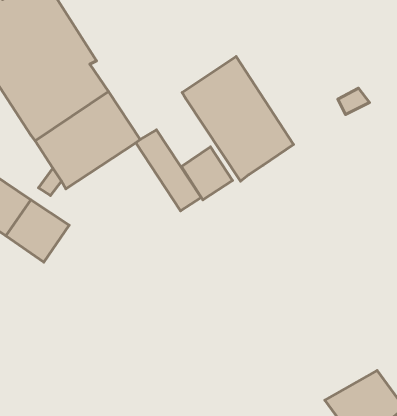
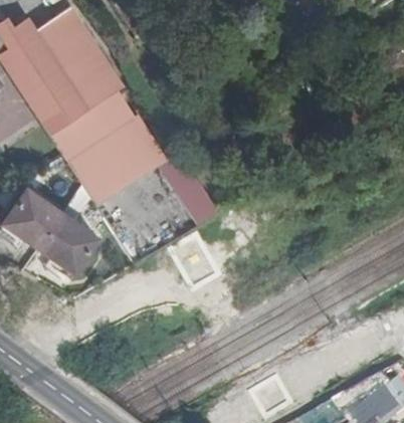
building: [182,57,293,181] -> none
building: [182,147,233,200] -> none

